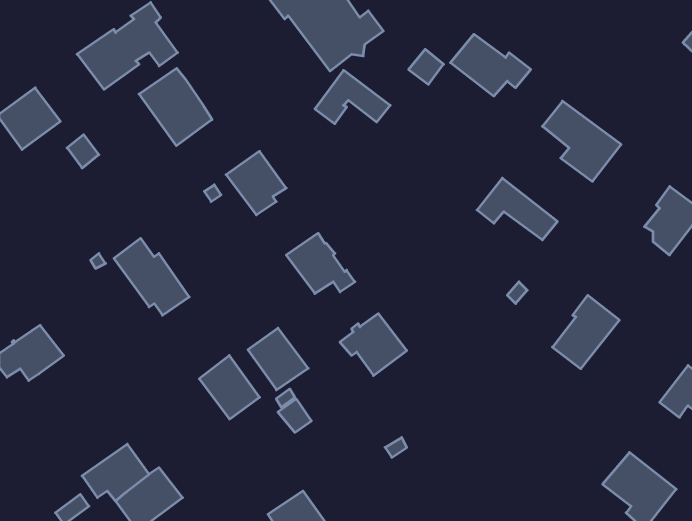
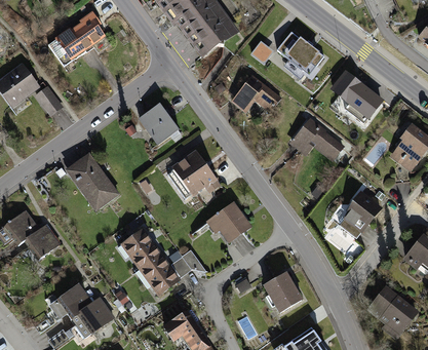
building: [139,68,212,146] -> none
building: [315,70,390,124] -> [235,76,281,109]
building: [248,328,308,390] -> [142,255,179,293]
building: none -> [25,225,60,259]
building: none -> [265,272,302,311]

